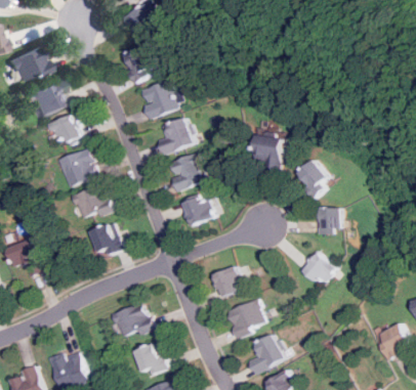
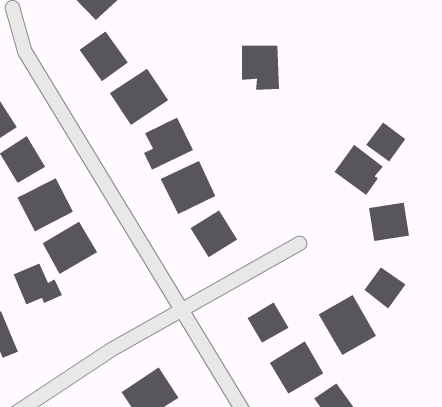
building: [251,135,283,172] -> [241,45,280,90]
building: none -> [365,122,406,162]
building: [90,223,125,254] -> [13,263,63,305]
building: none -> [318,294,377,356]

